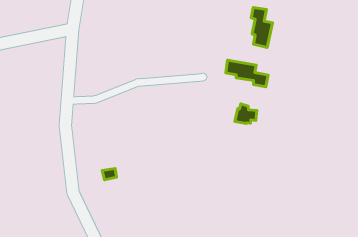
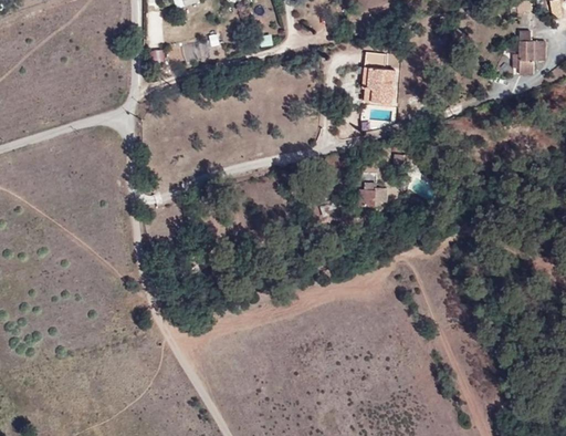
building: [226,60,268,87] -> none

